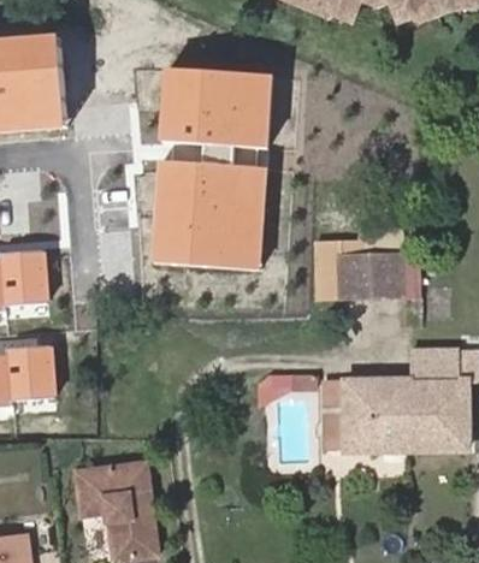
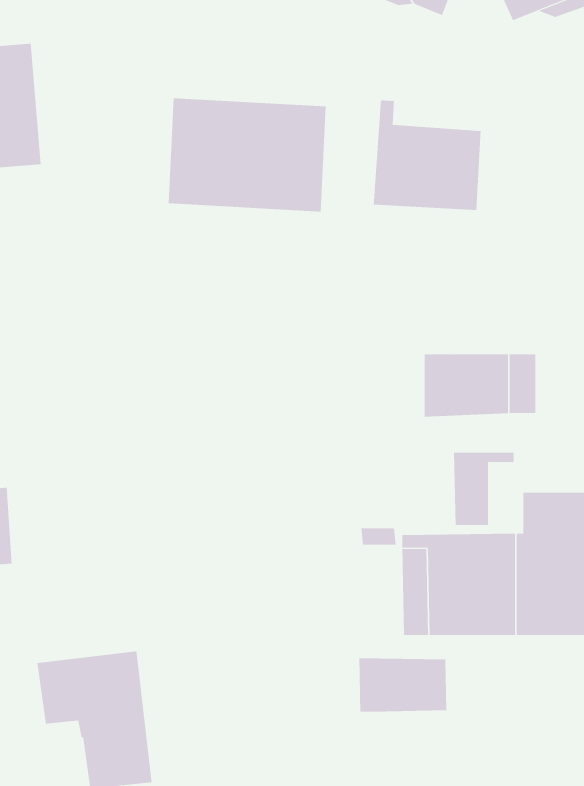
building: none -> [373,100,481,211]
building: [153,164,264,271] -> none
building: [315,244,359,296] -> [453,452,515,526]
building: none -> [359,658,447,713]

